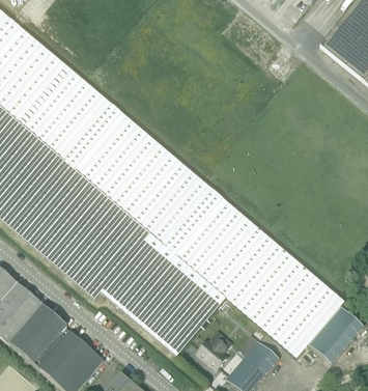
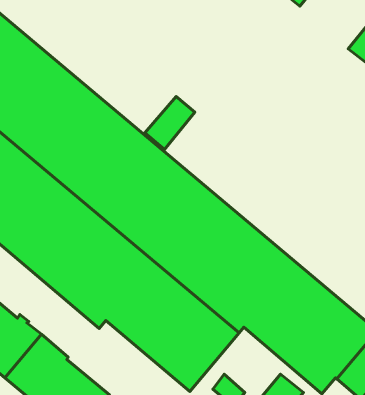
building: none -> [145,96,195,149]

